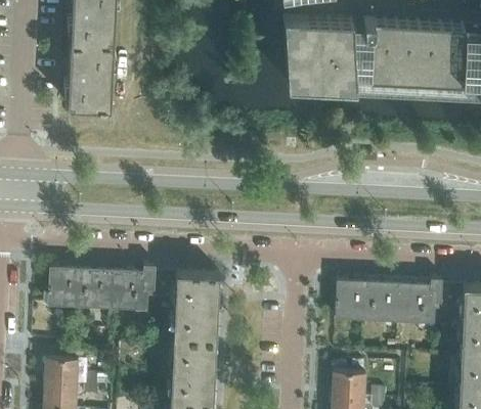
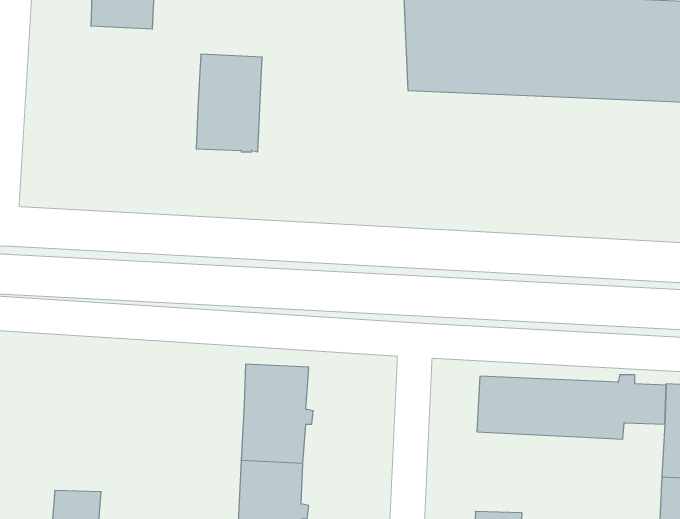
building: [68,42,113,108] -> [196,54,262,152]
building: [47,265,176,309] -> none

